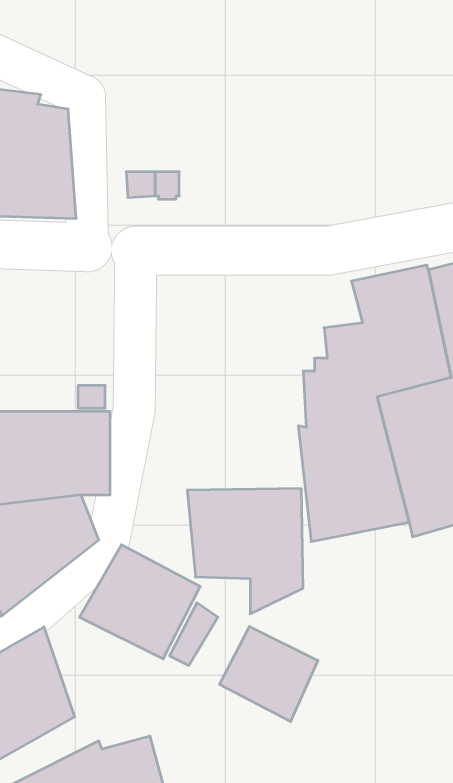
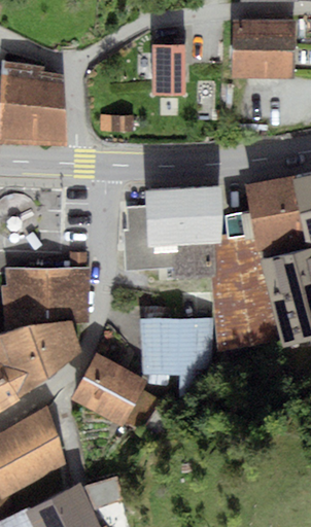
building: none -> [232,20,296,79]
building: none -> [152,44,185,95]
building: none -> [123,186,220,279]
building: [220,626,318,722] -> none

